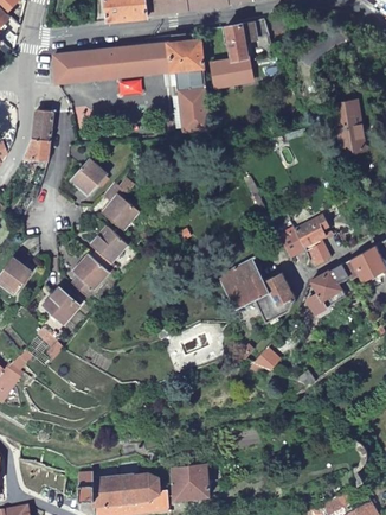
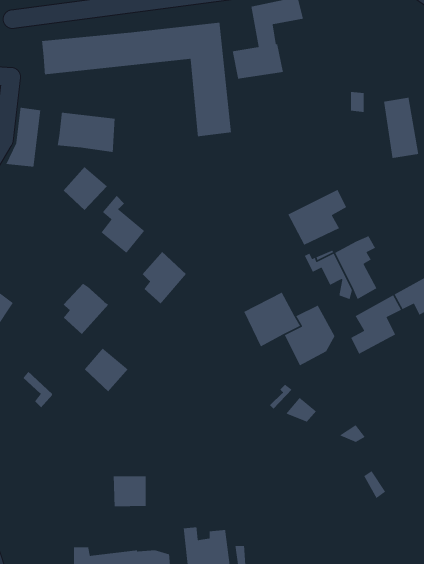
building: none -> [57,112,116,153]
building: none -> [287,189,347,246]
building: [90,225,127,269] -> [142,251,187,305]
building: [43,287,79,324] -> [84,348,128,392]
building: none -> [113,475,147,507]

